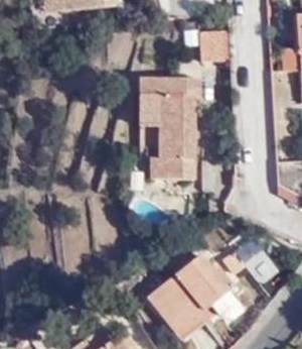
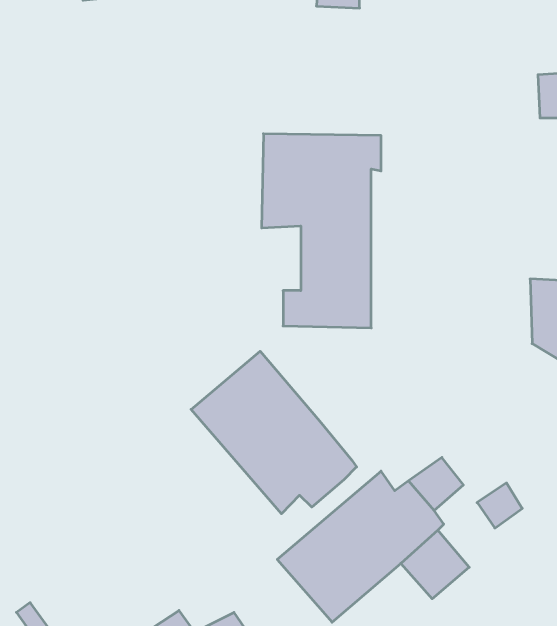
building: [199,32,231,65] -> none
building: none -> [191,351,357,514]

